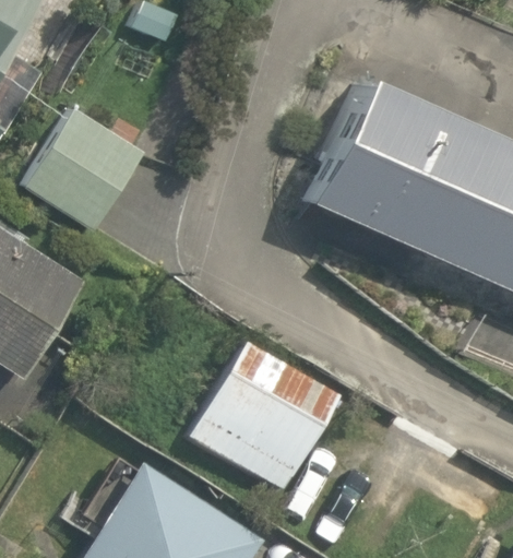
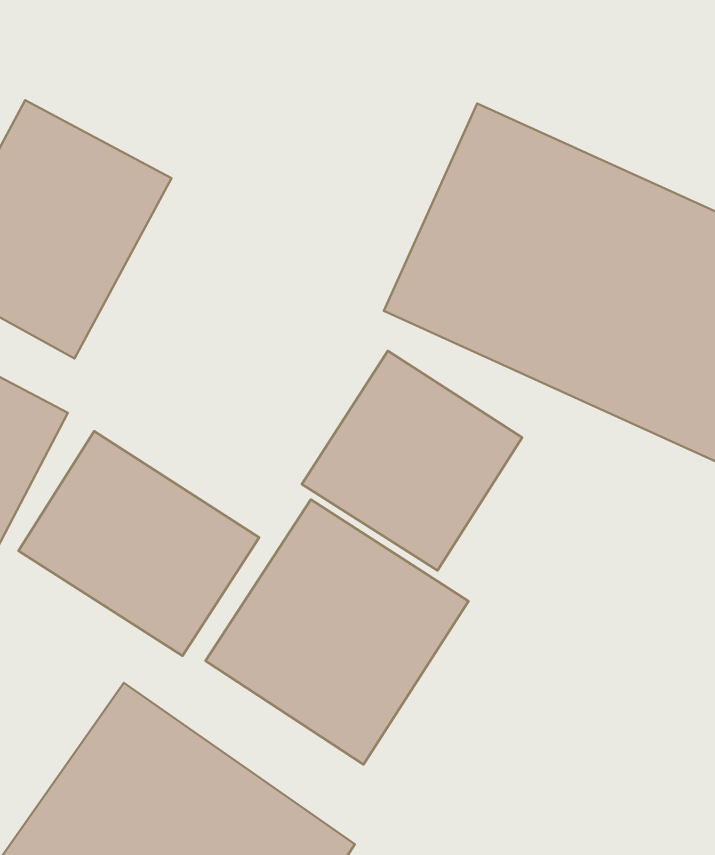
building: none -> [302,351,522,570]
building: none -> [19,431,259,656]

